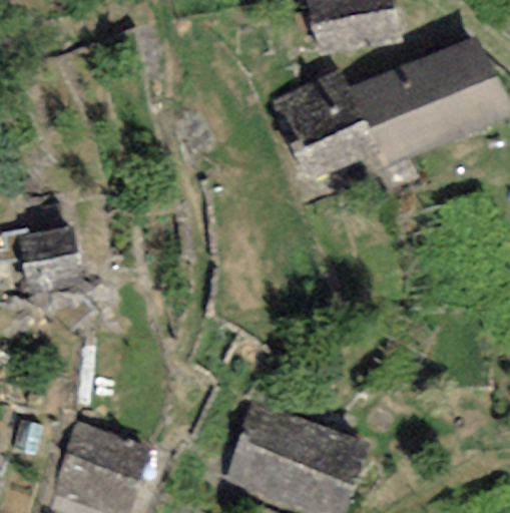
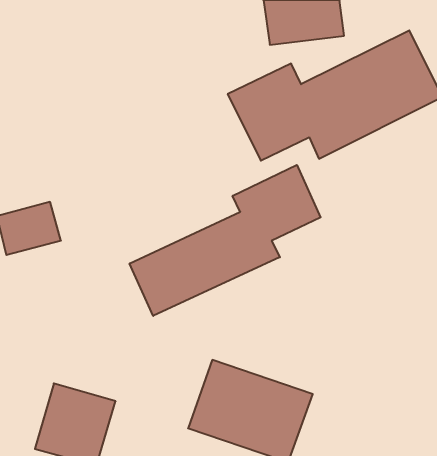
building: none -> [130,165,321,316]

